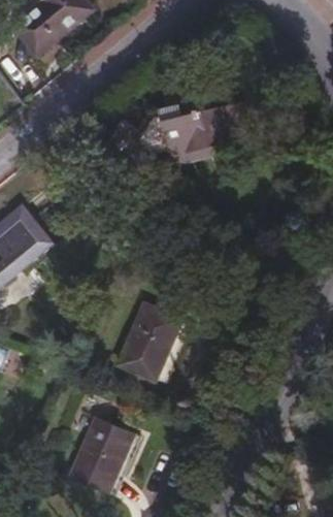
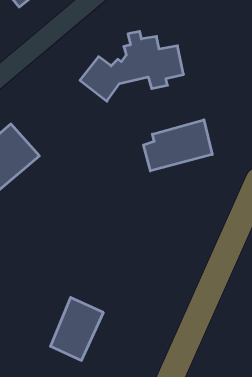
building: none -> [143,120,212,171]
building: [121,304,185,381] -> none

